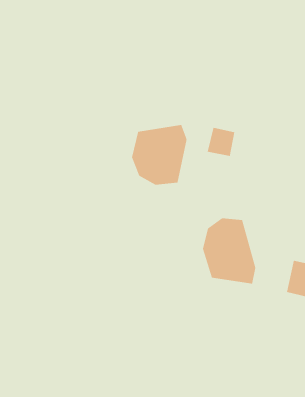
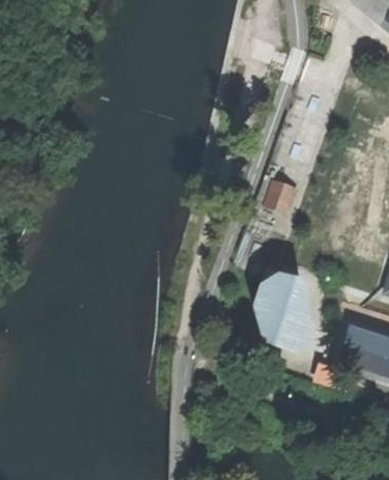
building: [131,124,187,185] -> none

